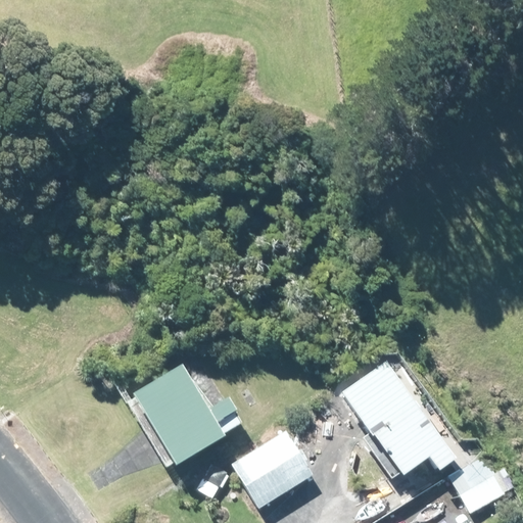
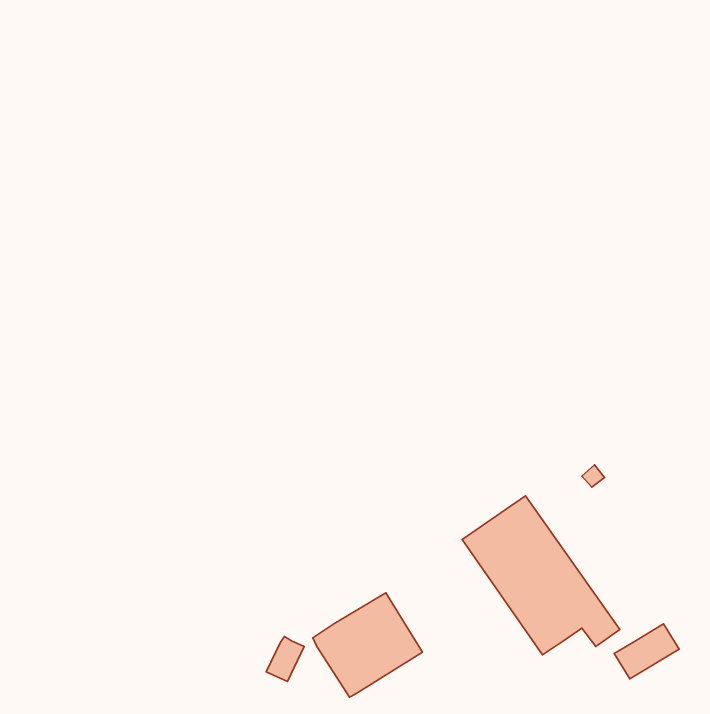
building: [129,366,240,467] -> none

